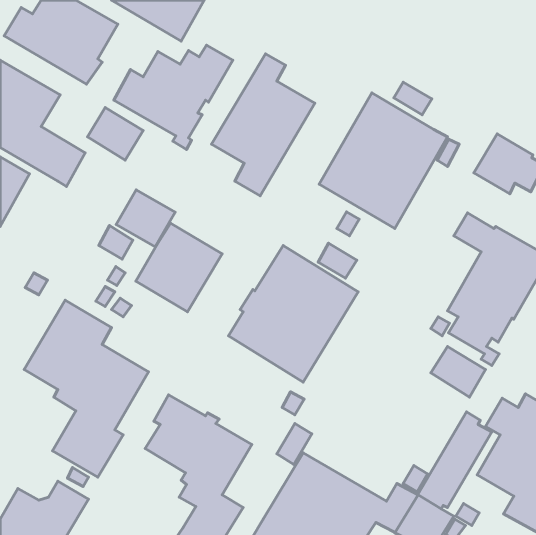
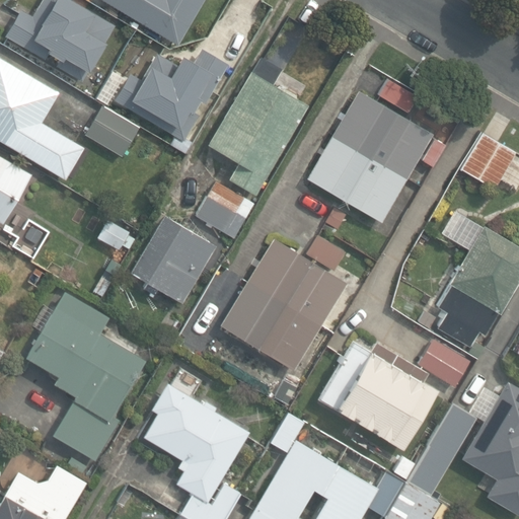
building: [116,190,175,247] -> [195,180,251,235]
building: none -> [320,341,439,449]

